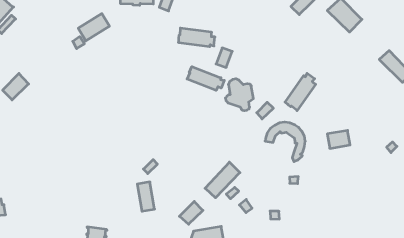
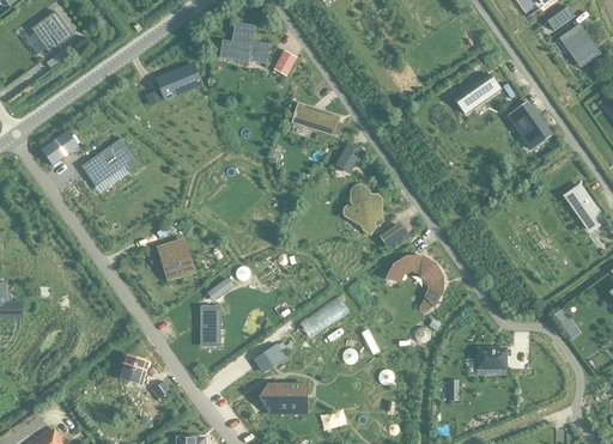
building: [187,67,224,90] -> none
building: none -> [78,134,136,183]
building: [285,73,316,111] -> none
building: [327,130,350,148] -> [477,348,505,369]
building: none -> [158,242,193,276]

